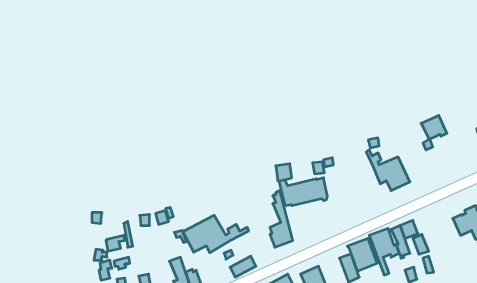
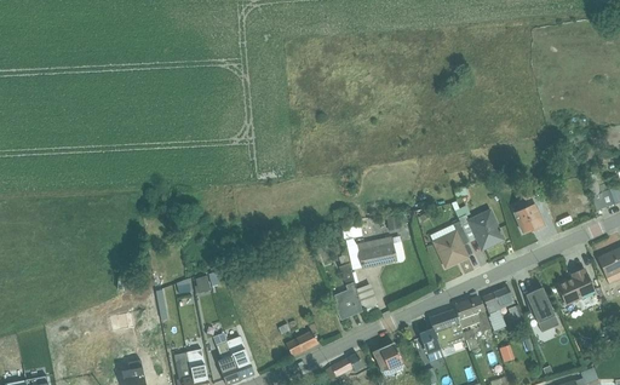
building: [421,115,447,139] -> [513,203,545,232]
building: none -> [430,222,469,268]
building: [183,215,248,253] -> none
building: none -> [524,287,559,333]

